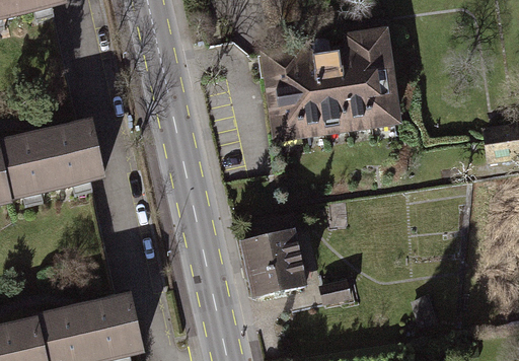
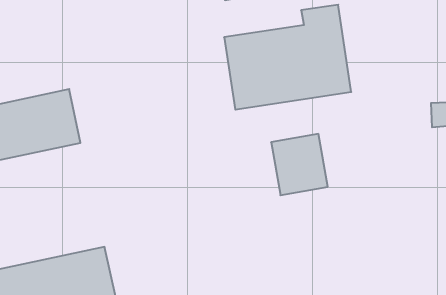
building: [244,228,306,295] -> [271,134,328,195]

